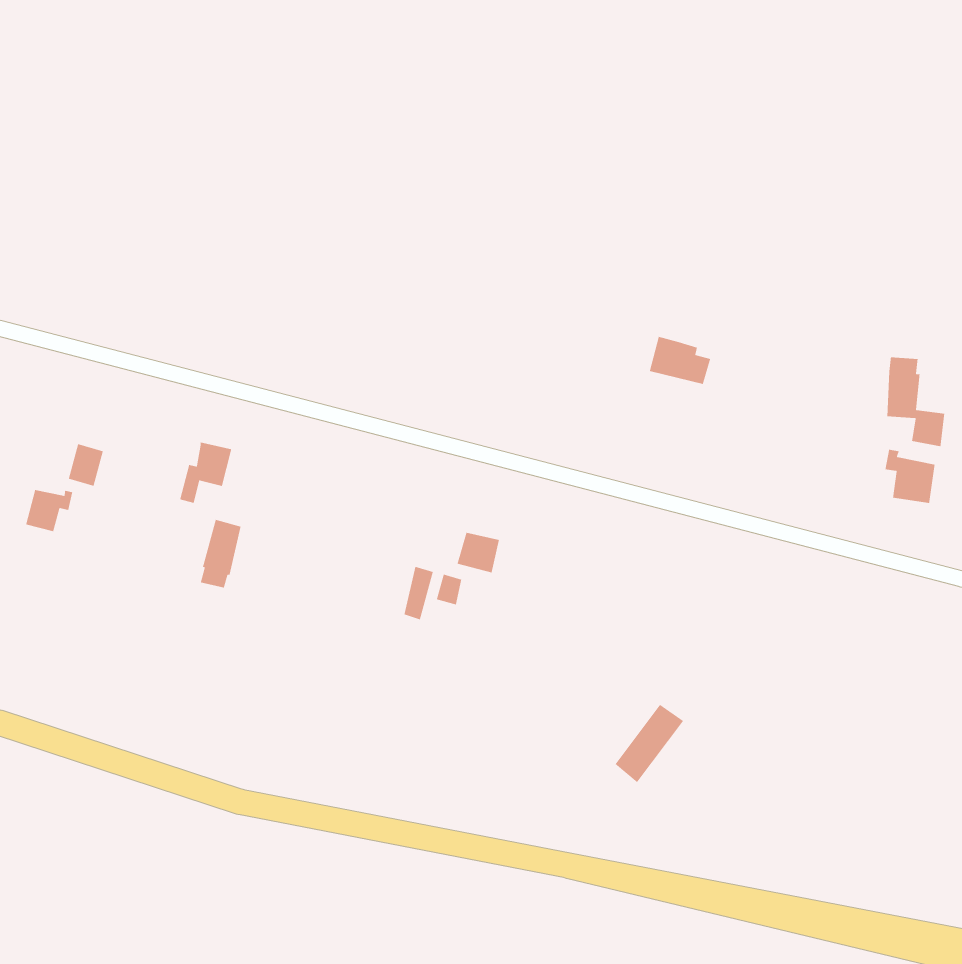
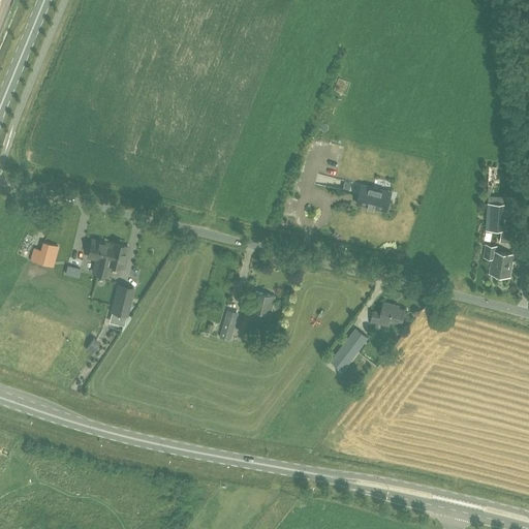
building: none -> [88,239,110,274]
building: [25,489,73,532] -> none
building: none -> [371,302,404,325]
building: [614,704,684,783] -> [330,328,368,371]

